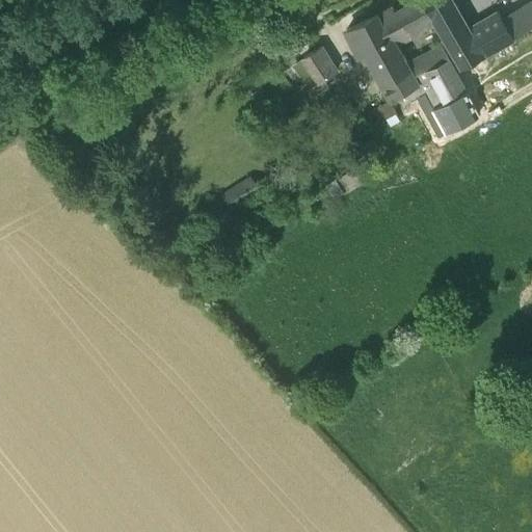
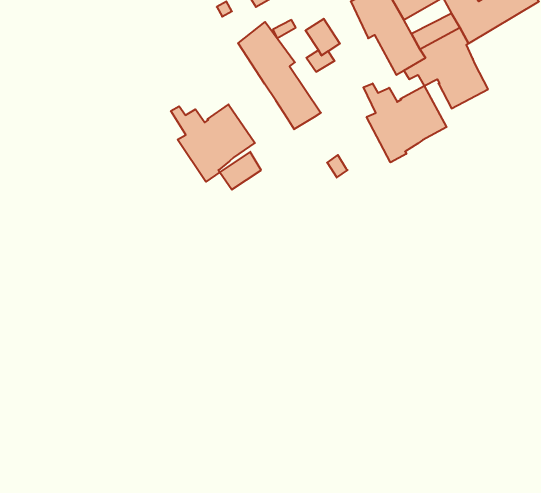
building: none -> [238,22,321,129]
building: none -> [363,83,447,162]
building: none -> [171,104,255,182]

